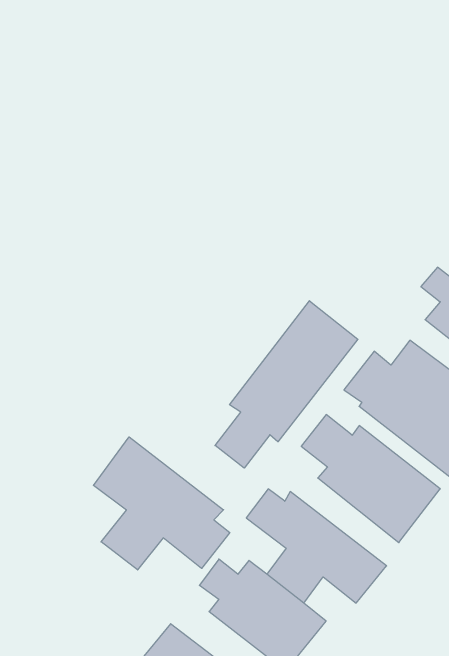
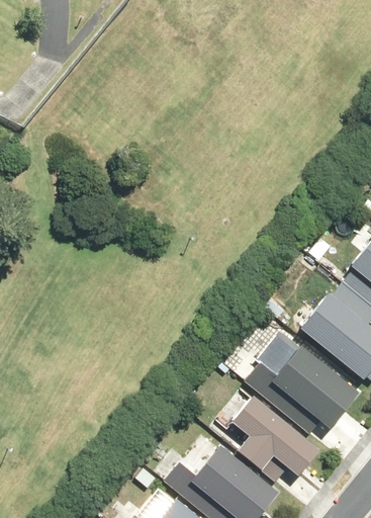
building: [215,301,358,468] -> none
building: [93,437,230,570] -> none

